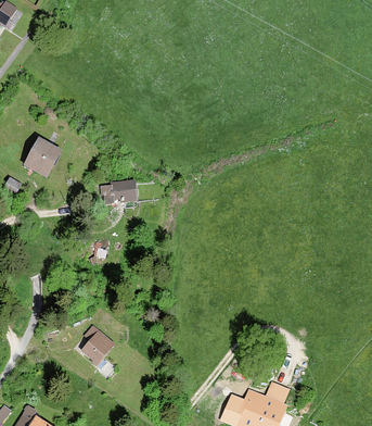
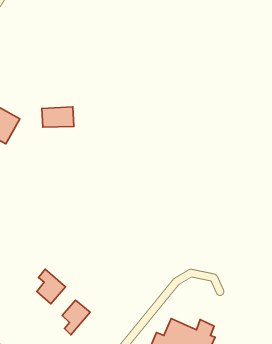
building: [100,180,137,204] -> [42,107,74,127]
building: none -> [62,300,90,335]

